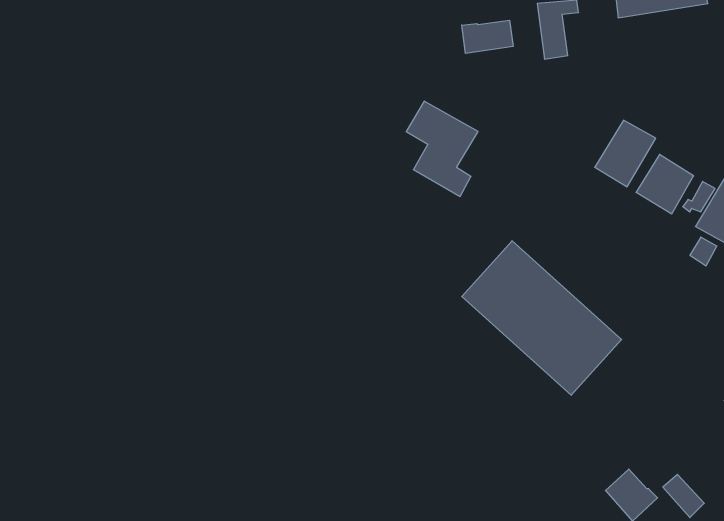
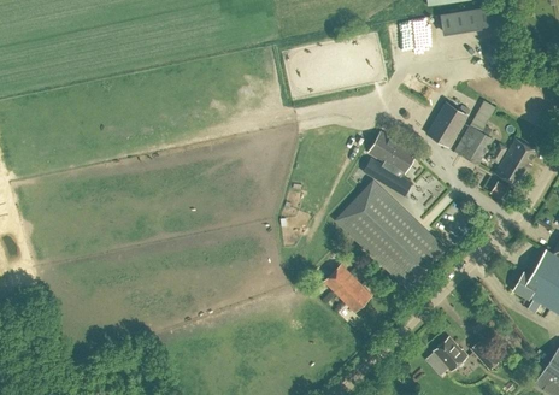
building: [462,20,513,53] -> none
building: [406,101,478,196] -> [369,134,417,198]
building: none -> [325,266,372,313]

